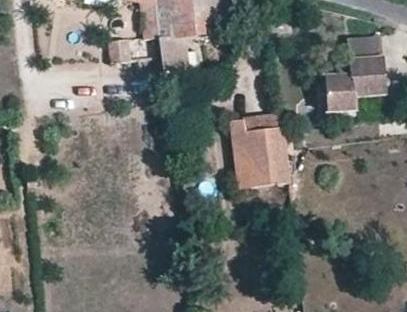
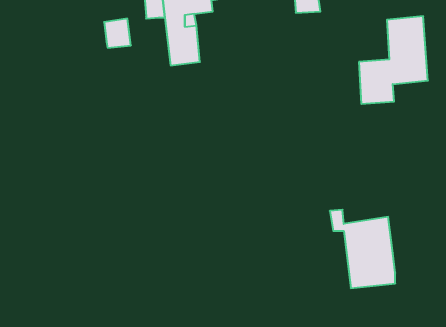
building: [233,119,289,186] -> [330,210,395,288]

